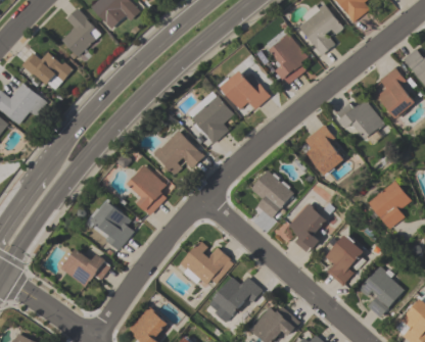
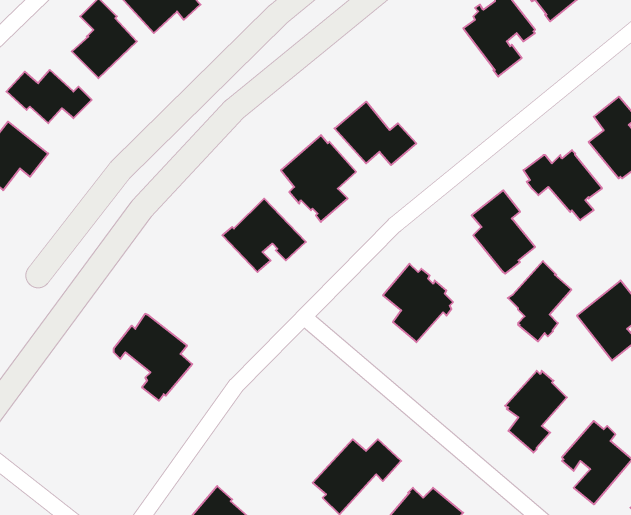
building: [267,29,308,86] -> none
building: [127,164,166,215] -> none
building: [287,202,326,251] -> [508,261,571,341]
building: [176,241,233,284] -> none
building: [60,248,110,287] -> none

